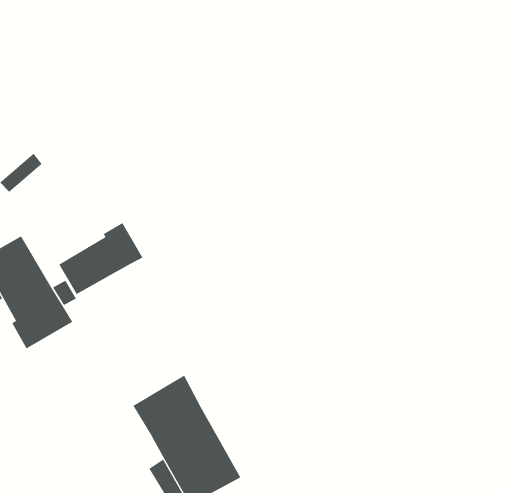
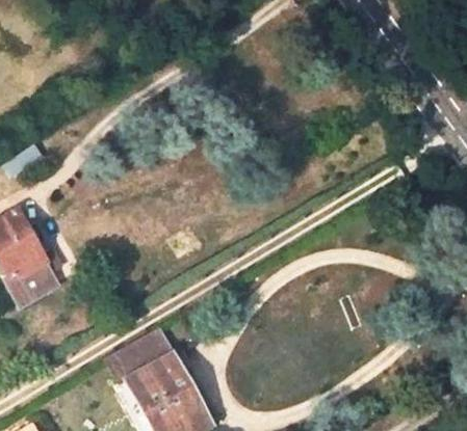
building: [59,222,143,295] -> none

